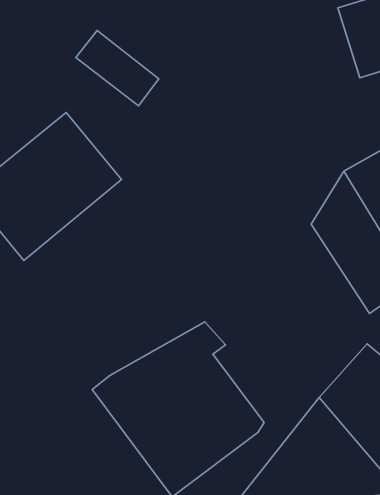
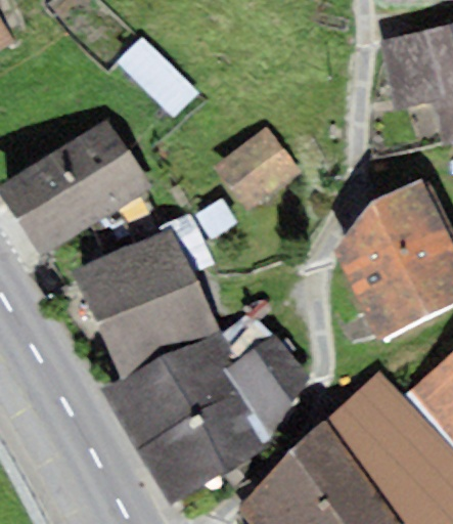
building: none -> [213,124,300,208]
building: none -> [75,229,220,379]
building: none -> [225,338,309,439]

